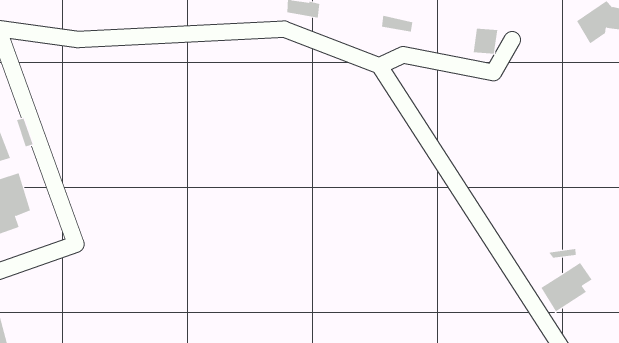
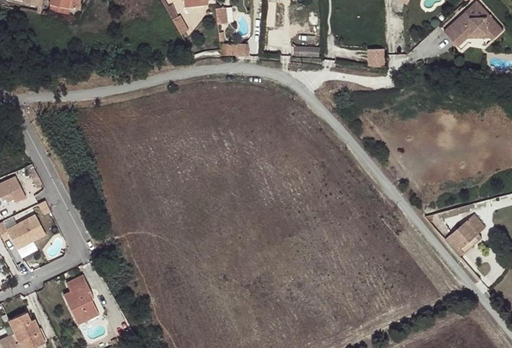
building: none -> [64,274,96,323]

